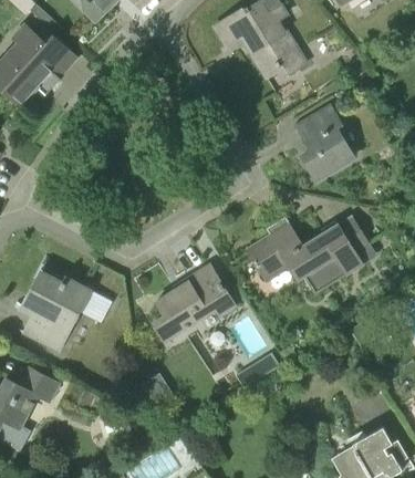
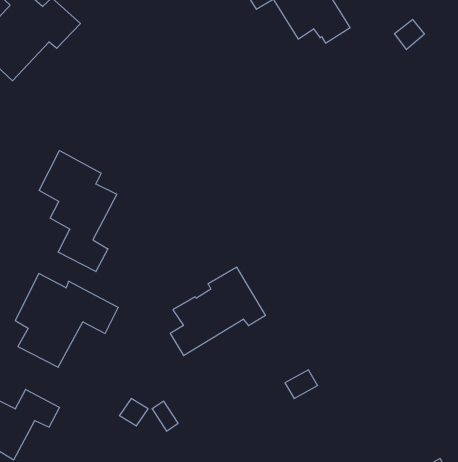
building: [298,106,354,179] -> none
building: none -> [39,151,117,272]
building: [248,215,370,294] -> none

